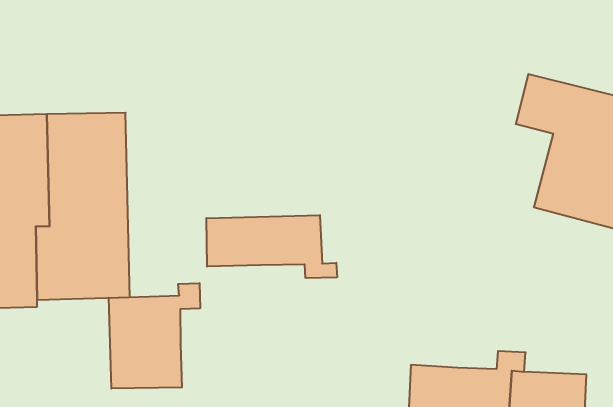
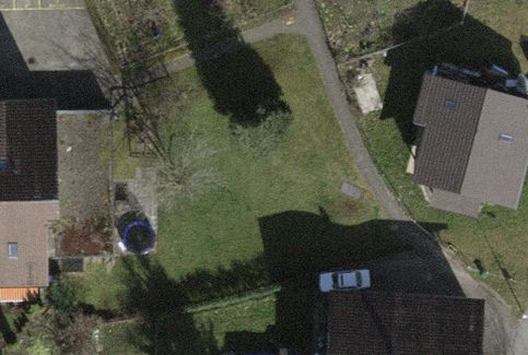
building: [206,215,337,278] -> none
building: [109,283,200,389] -> none

